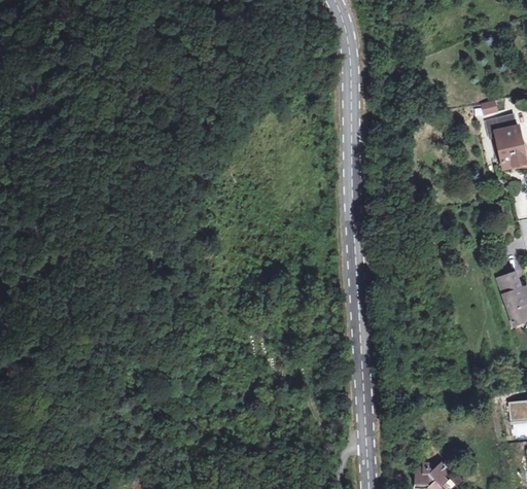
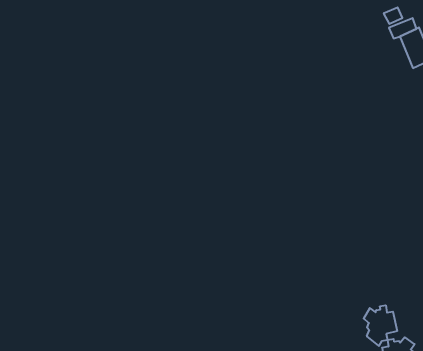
building: none -> [364,305,397,346]

